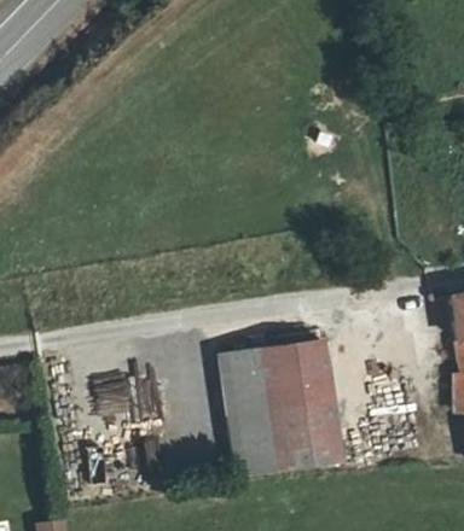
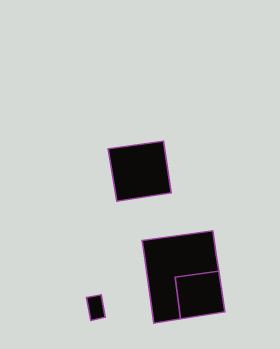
building: none -> [108,141,171,201]

